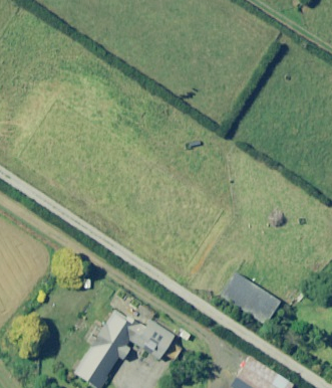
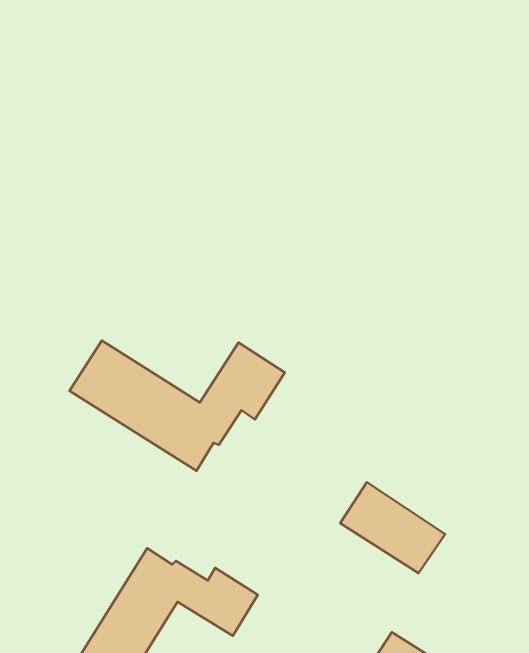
building: none -> [69,340,285,471]

